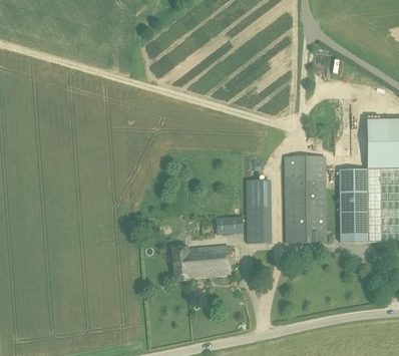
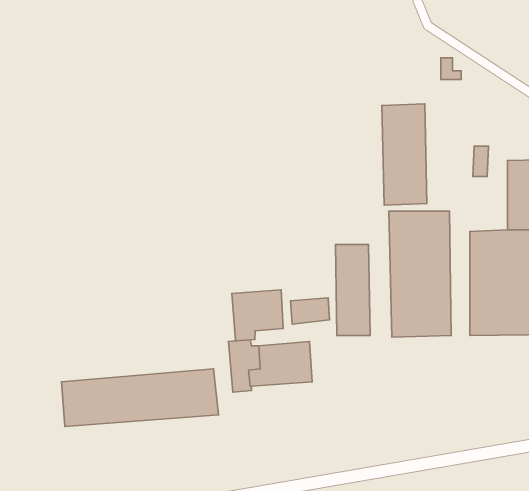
building: none -> [382,104,427,205]
building: none -> [232,290,283,341]
building: none -> [62,369,219,427]

